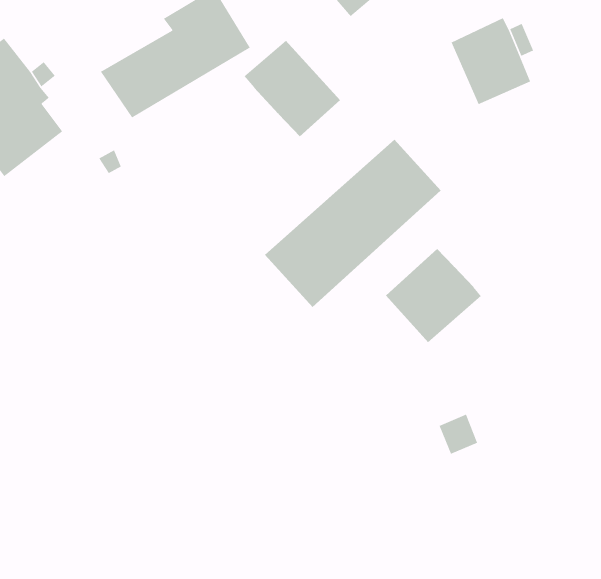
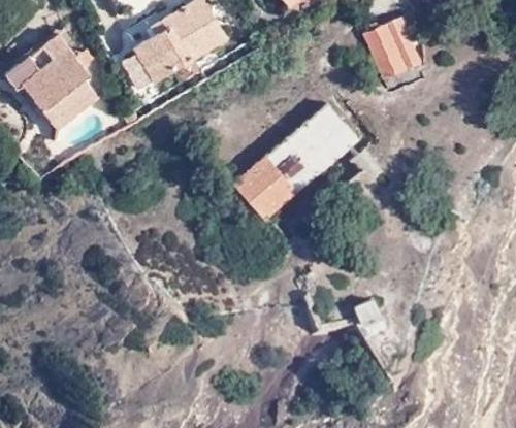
building: [244,40,341,137] -> none
building: [385,248,482,343] -> none

